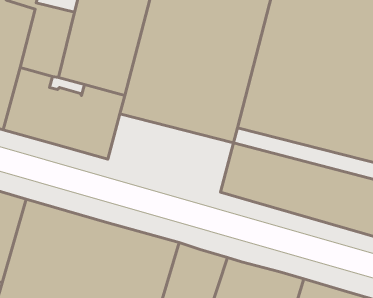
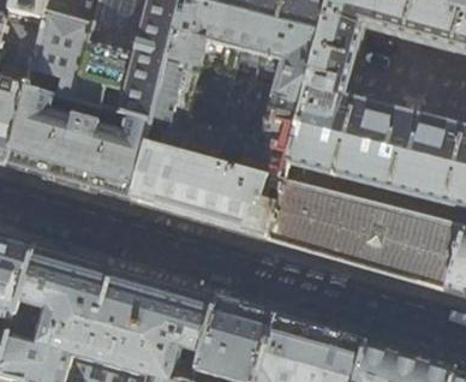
building: none -> [133,147,283,240]

